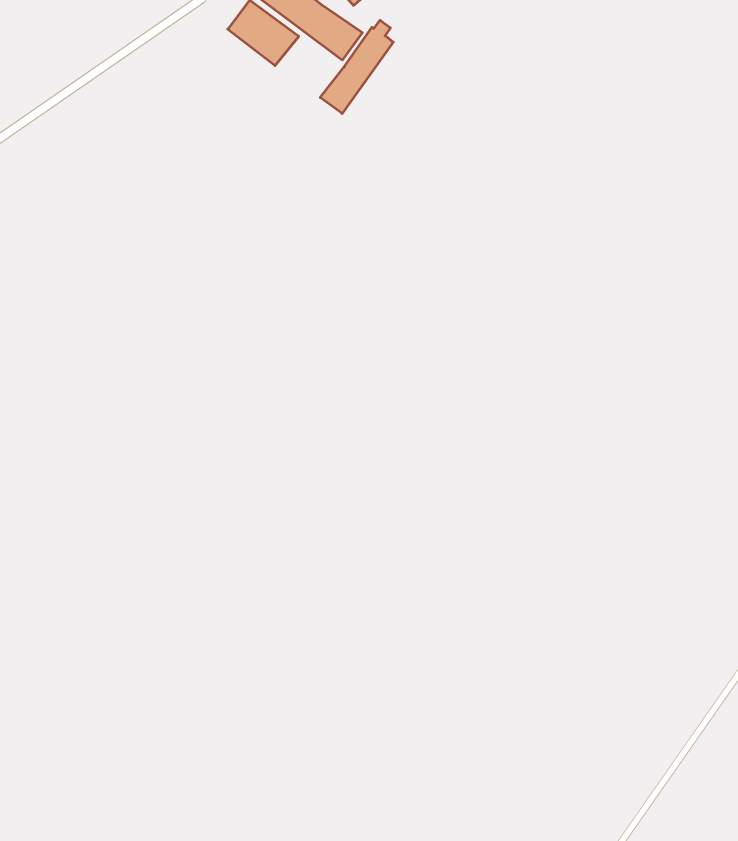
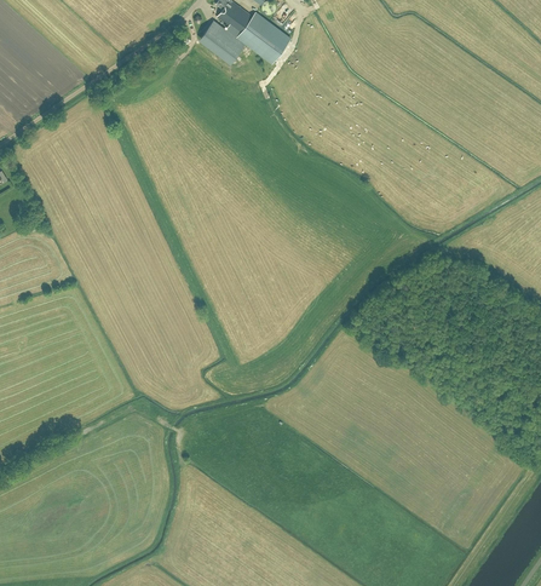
building: [320,20,393,114] -> none

